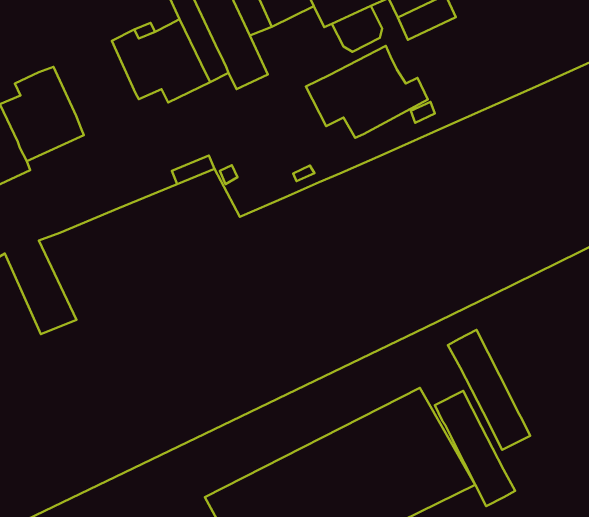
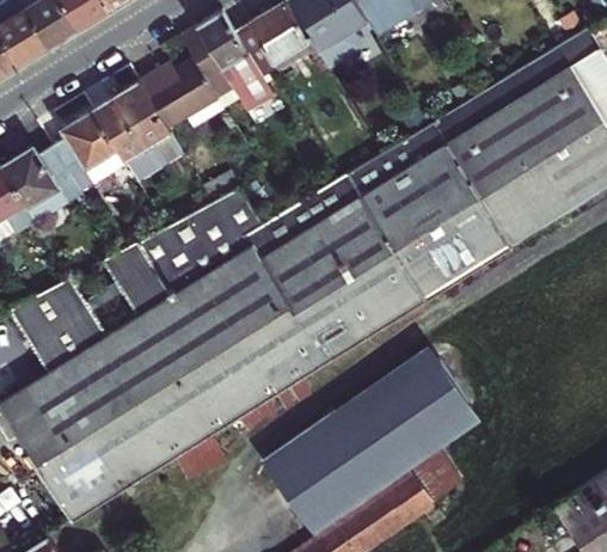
building: none -> [92,84,183,184]
building: [306,46,428,138] -> none
building: [448,330,530,450] -> none
building: [435,391,515,506] -> none

